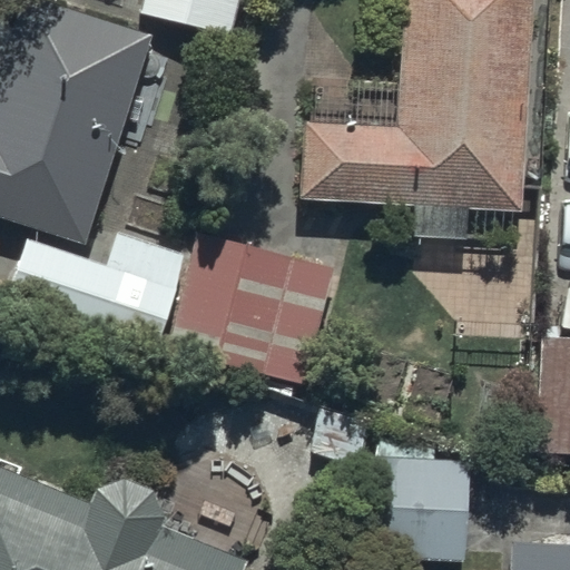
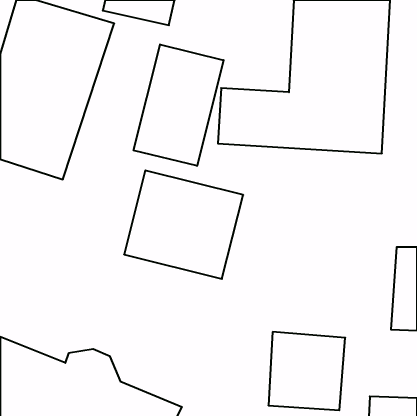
building: none -> [134,44,224,166]
building: [4,230,185,350] -> none

